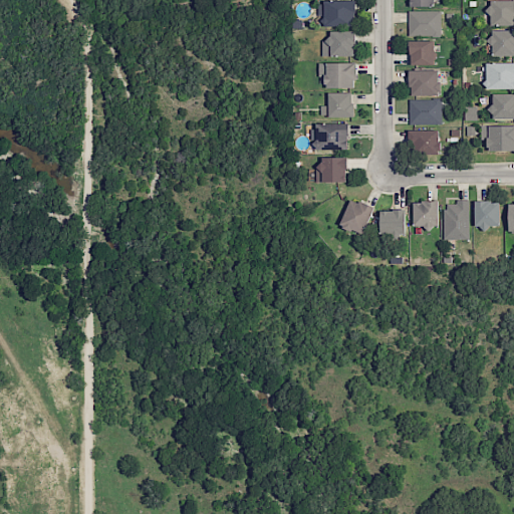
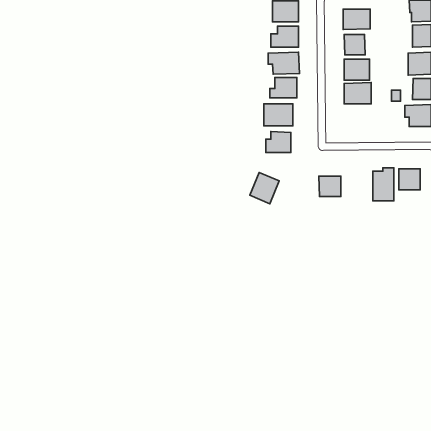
building: [409,130,440,154] -> none
building: [339,198,374,235] -> [250,173,279,204]
building: [413,201,439,227] -> none

